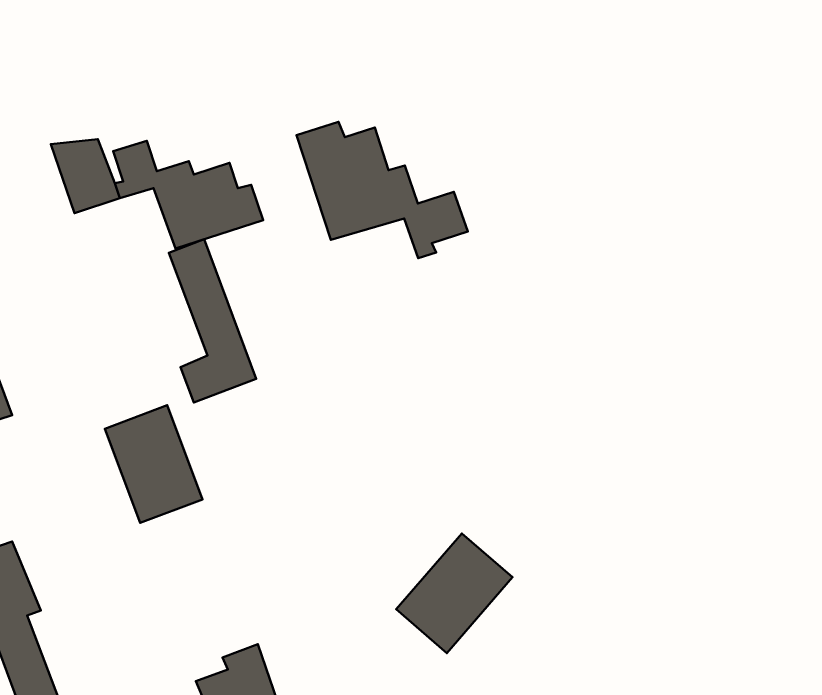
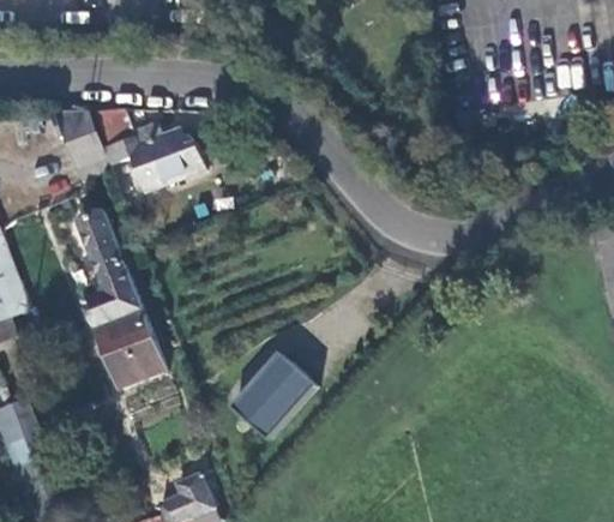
building: [297,122,468,258] -> none
building: [169,239,256,403] -> [74,202,137,318]
building: [396,534,512,653] -> [233,350,315,436]

